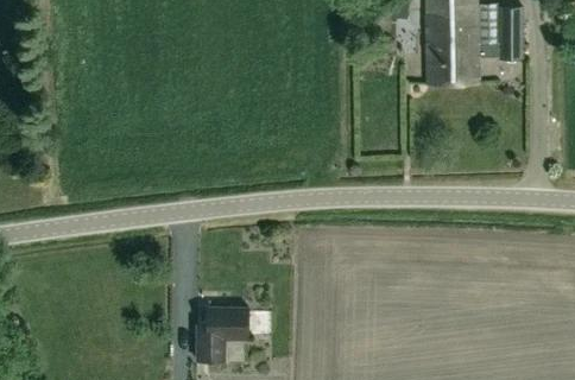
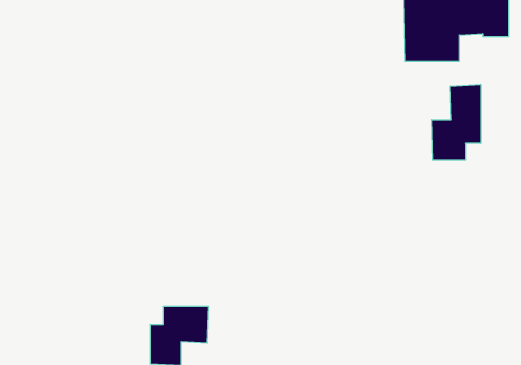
building: none -> [432,84,481,160]

